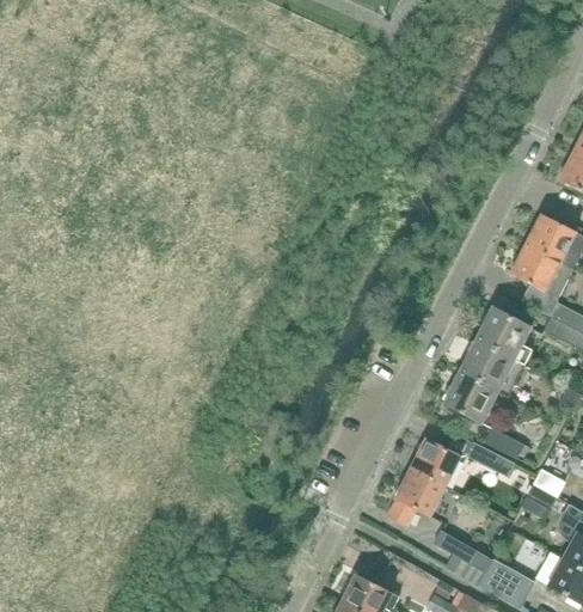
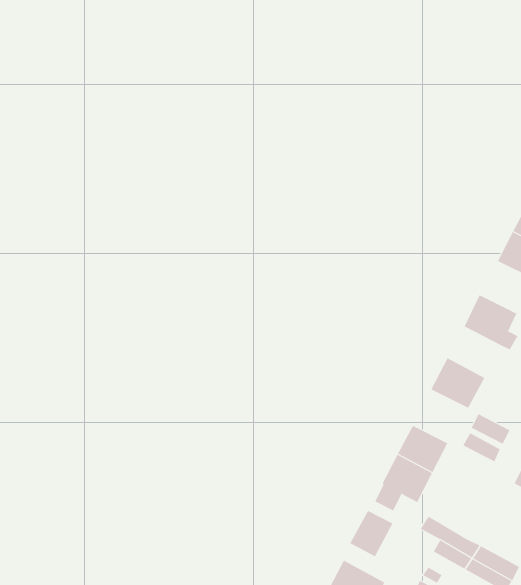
building: [460,339,514,391] -> none
building: none -> [349,510,393,557]

